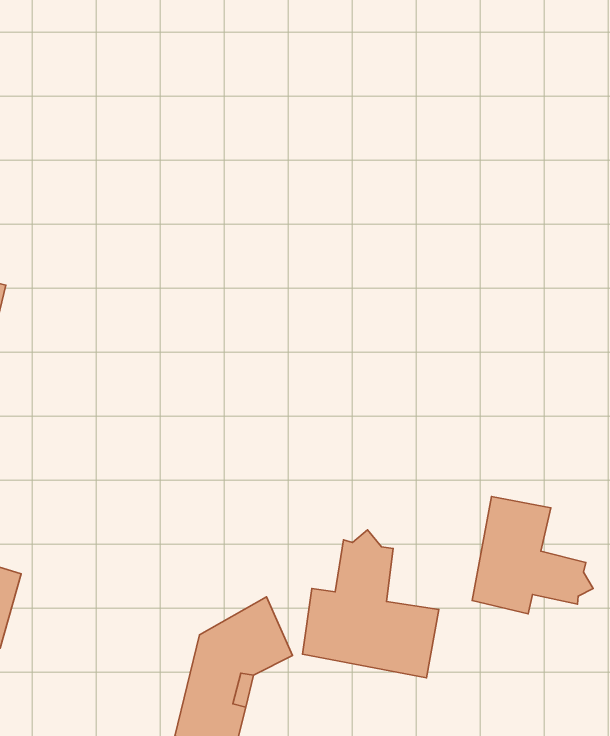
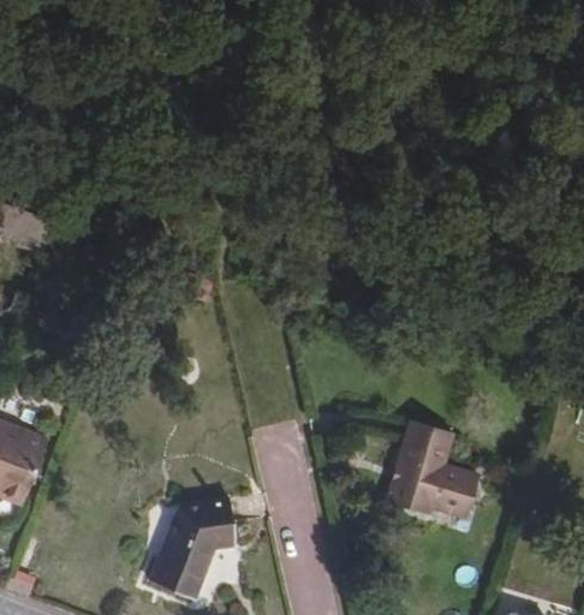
building: [303,530,439,678] -> none

